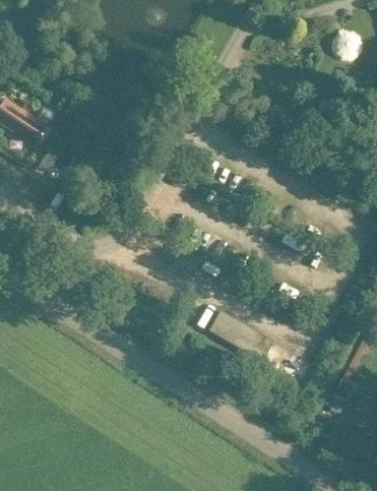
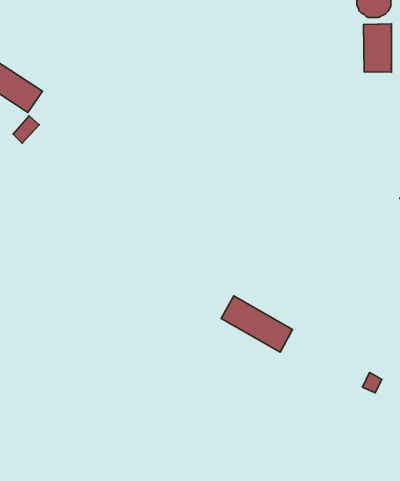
building: none -> [364,24,391,72]

